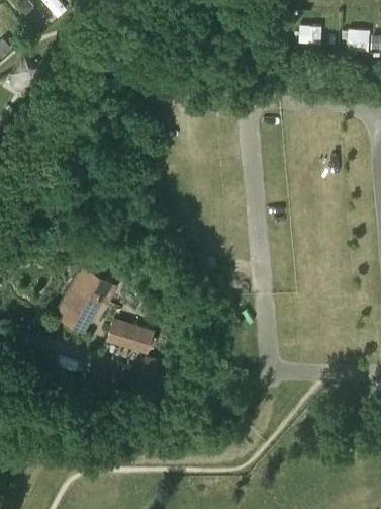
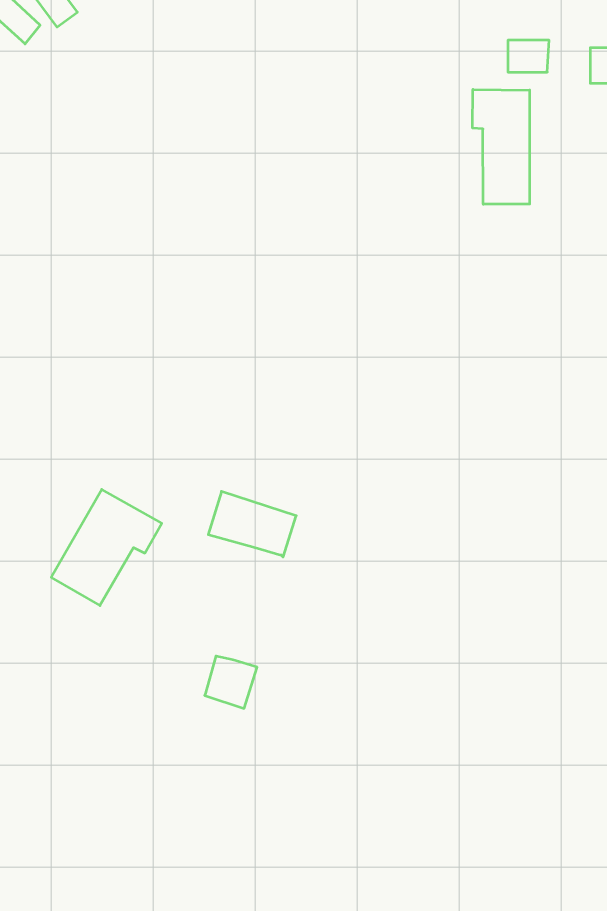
building: none -> [473,89,530,204]
building: [105,320,153,355] -> [208,491,296,557]

